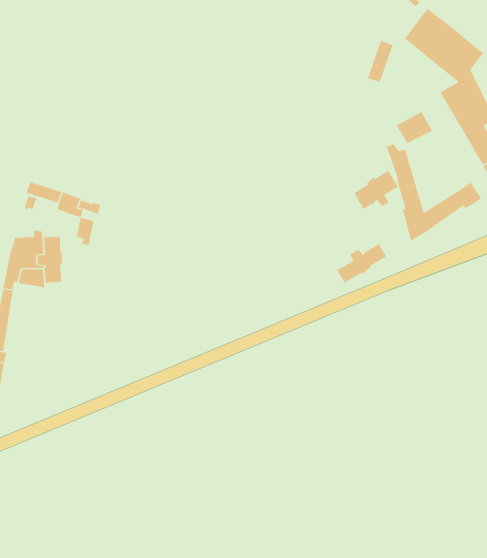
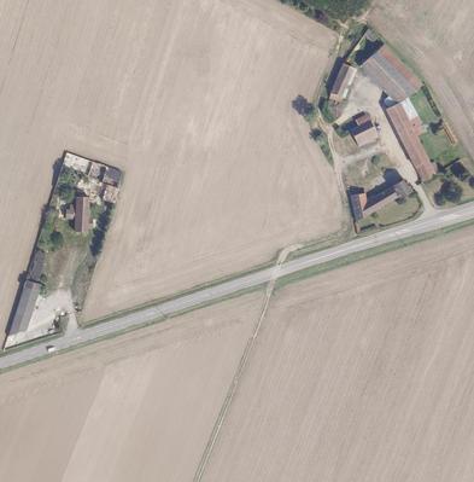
building: [354,170,399,210] -> none
building: [337,243,387,283] -> none

